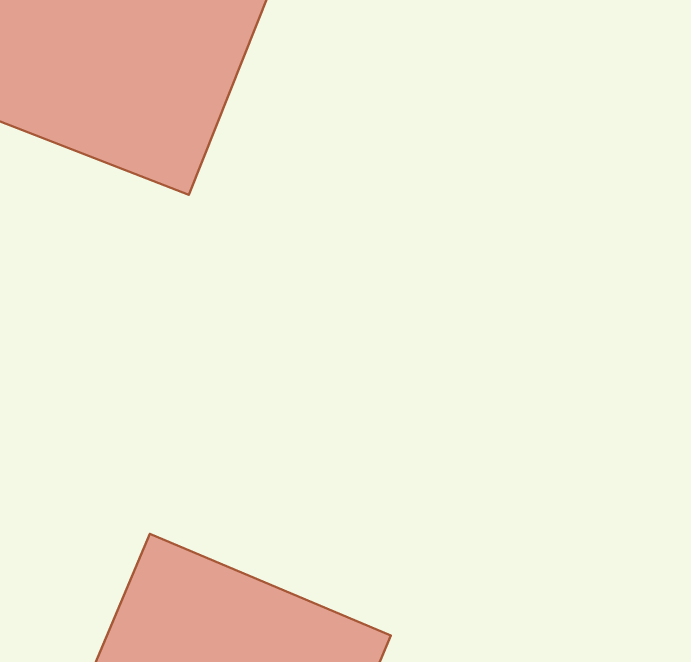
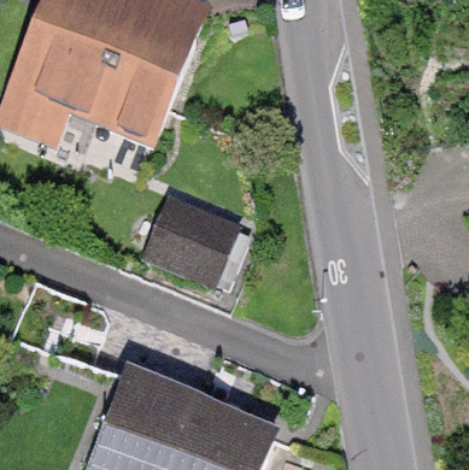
building: none -> [139,189,239,283]

